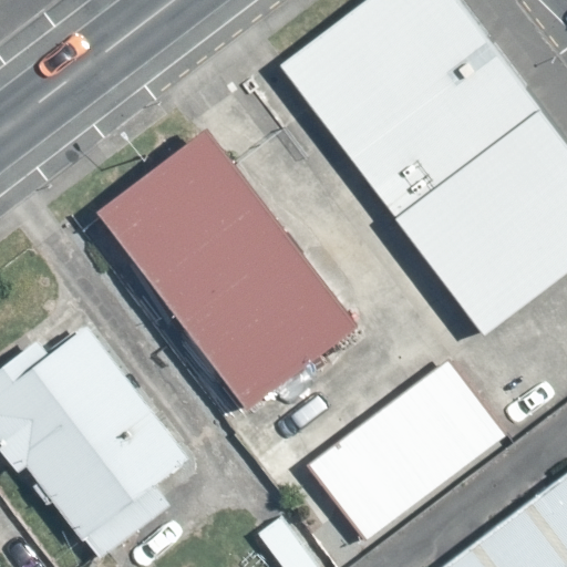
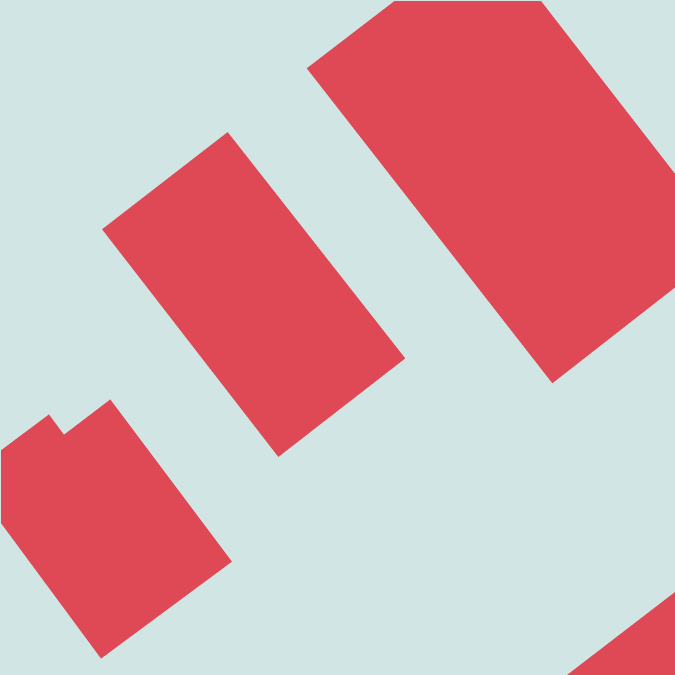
building: [302,361,485,530] -> none

